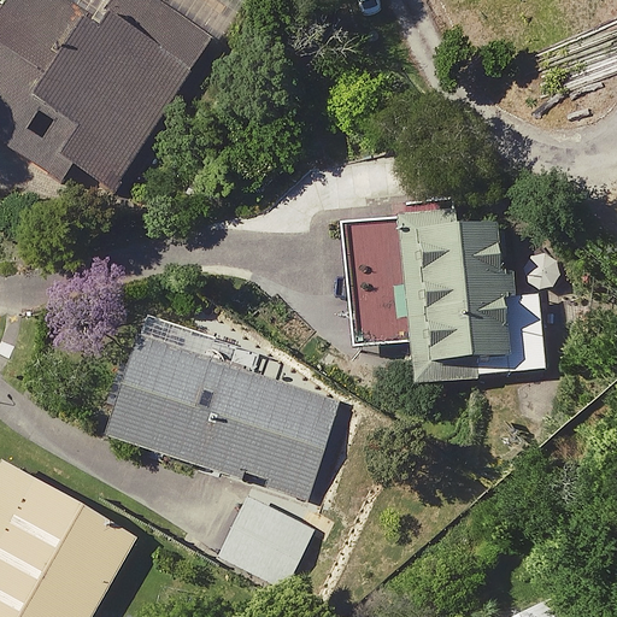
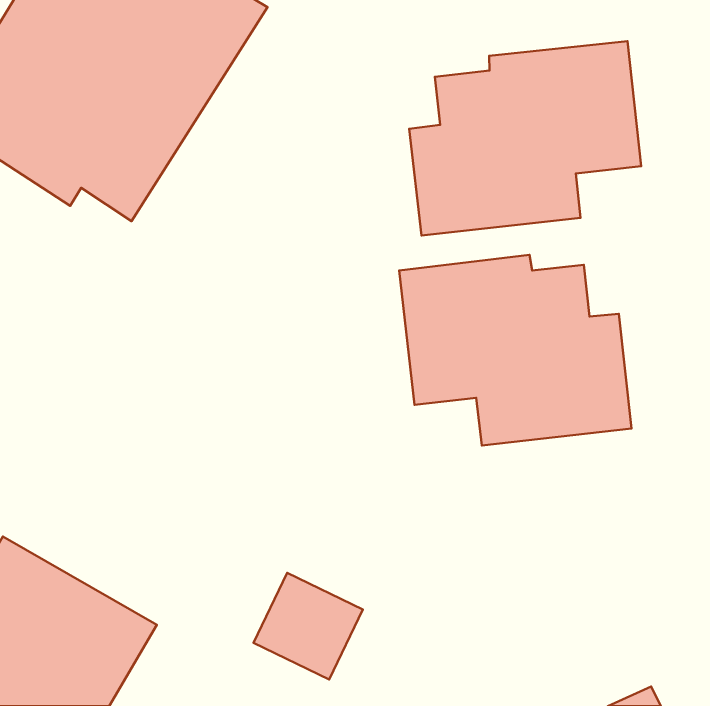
building: none -> [409,41,641,236]
building: [108,339,333,492] -> none

